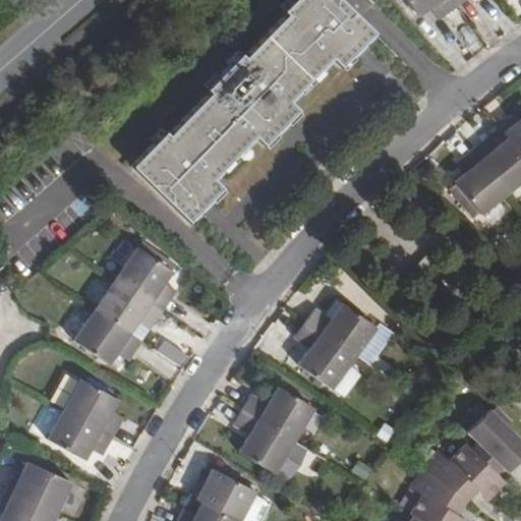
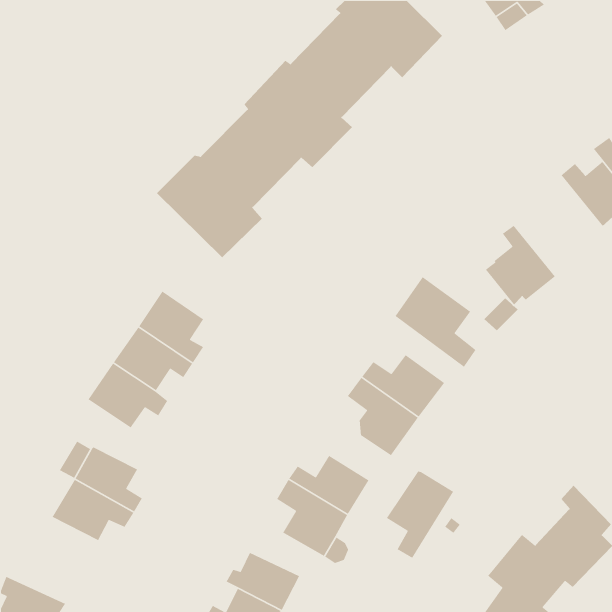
building: [452,150,512,218] -> [485,225,556,305]
building: none -> [395,276,476,368]
building: none -> [386,470,454,559]
building: [6,461,71,513] -> none

